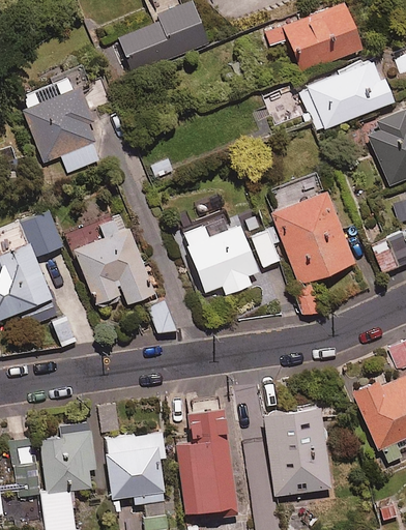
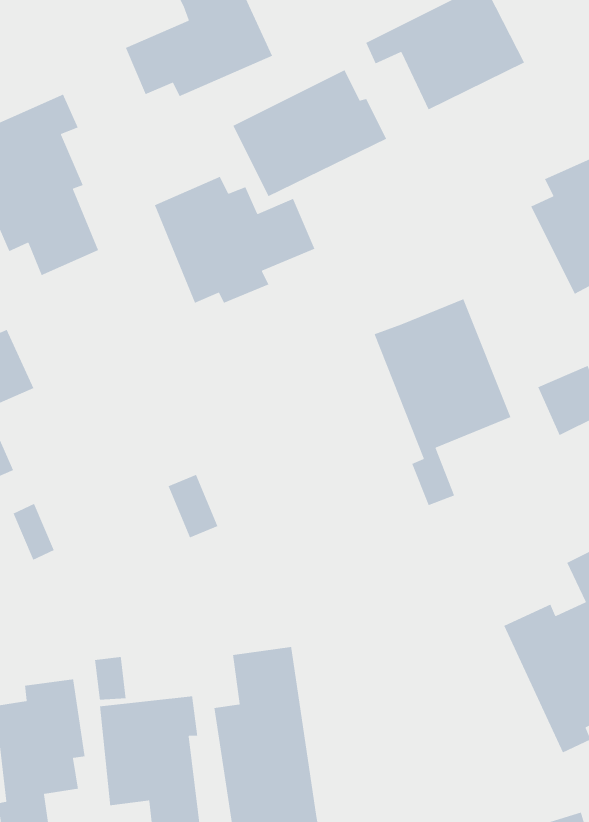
building: [298,57,393,135] -> [232,69,387,197]
building: [65,213,155,304] -> none
building: [182,217,281,295] -> [154,176,316,304]
building: [261,404,330,497] -> none

